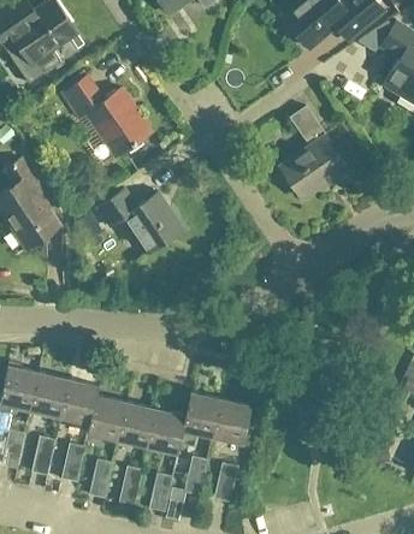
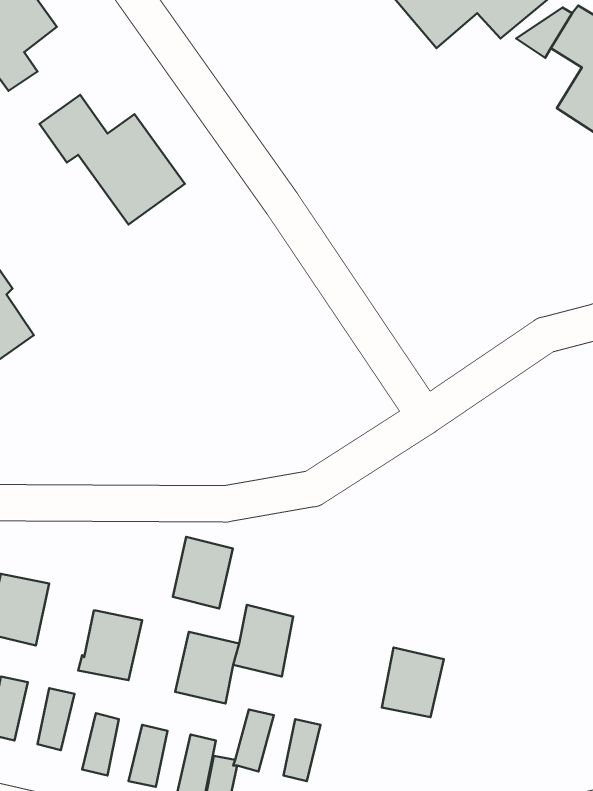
building: [282,106,350,198] -> none
building: [97,189,183,251] -> none
building: [60,379,100,425] -> none
building: [213,399,252,443] -> [382,647,444,717]
building: [118,402,155,446] -> [173,537,233,608]

